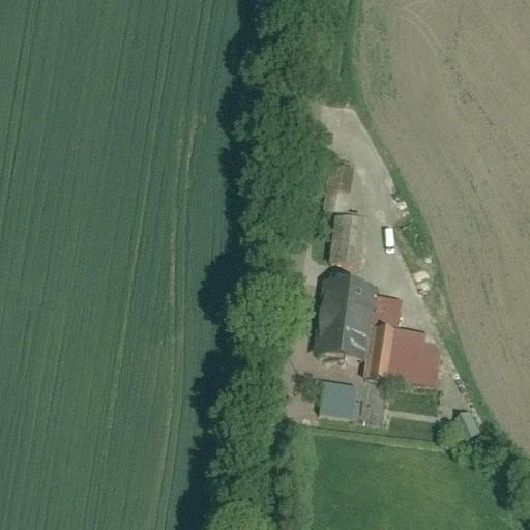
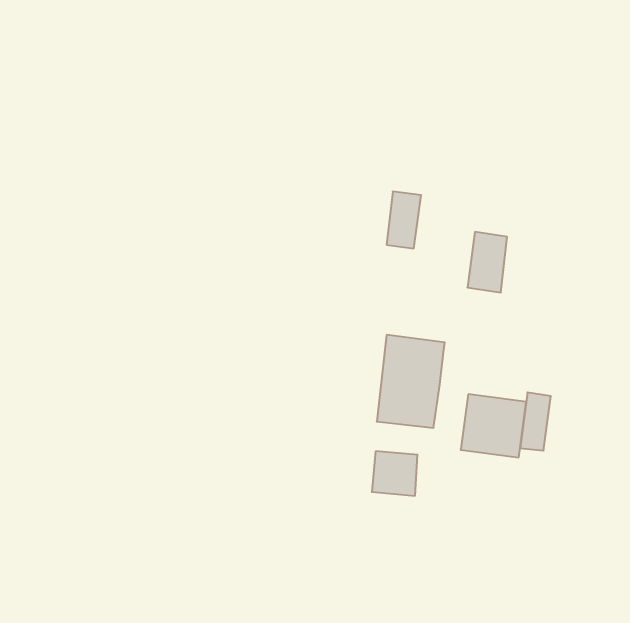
building: [330,214,363,265] -> [467,232,507,292]
building: [369,295,403,326] -> none
building: [366,327,392,376] -> [520,392,551,451]

